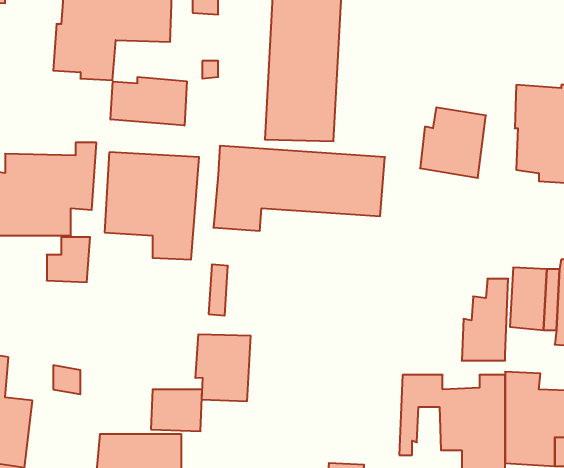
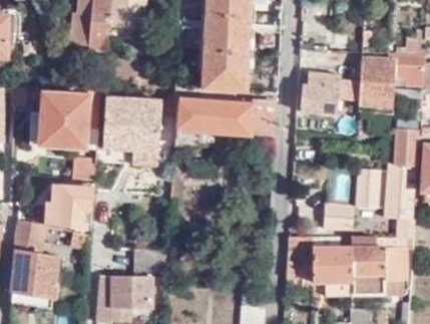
building: [111,77,187,126] -> none
building: none -> [42,182,90,230]
building: [195,334,251,401] -> none

